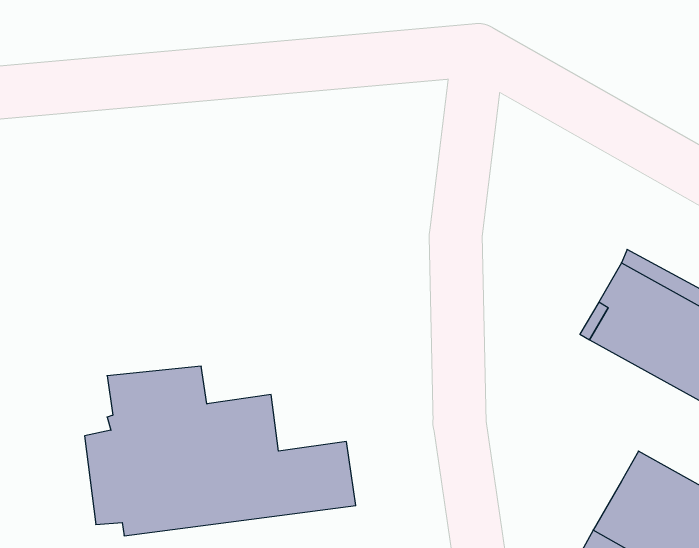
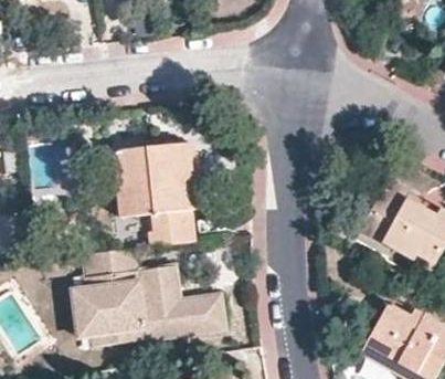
building: none -> [115,143,200,246]

